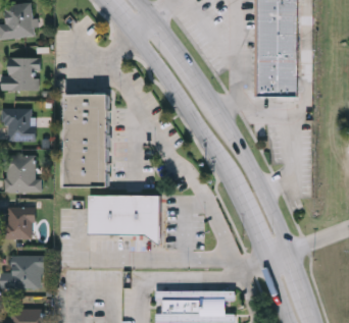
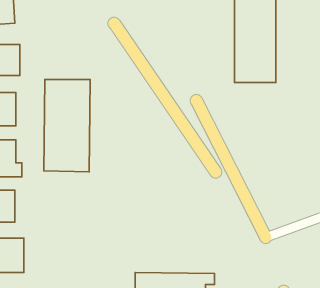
building: [91,194,164,237] -> none

